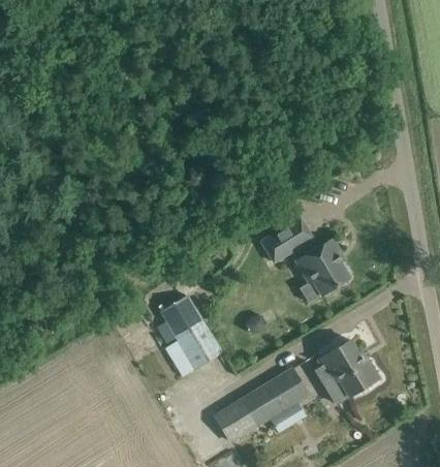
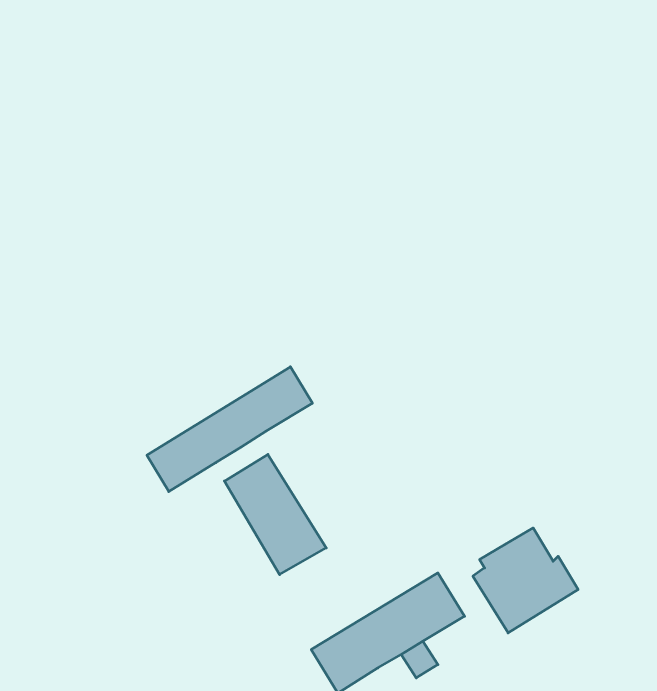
building: [260,218,349,295] -> none
building: none -> [147,367,312,492]

